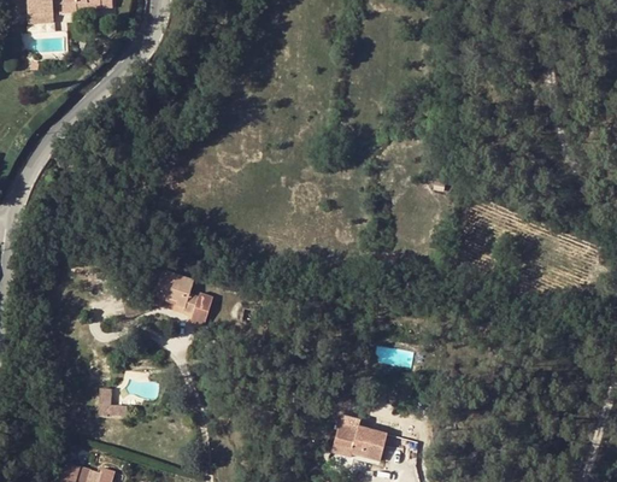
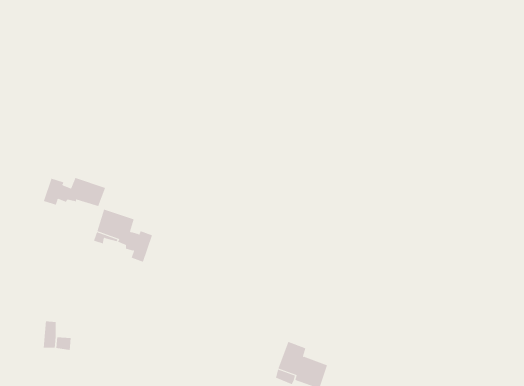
building: none -> [43,177,106,207]

